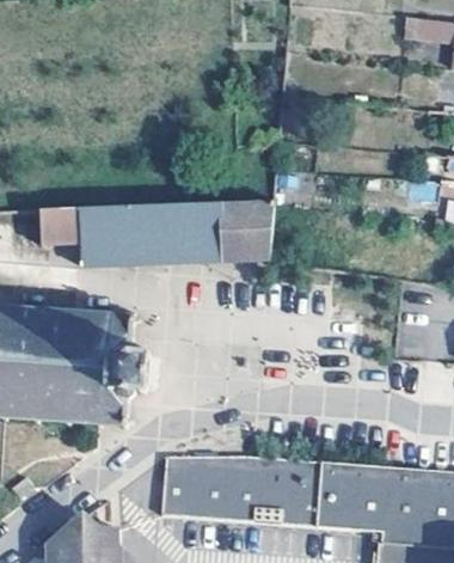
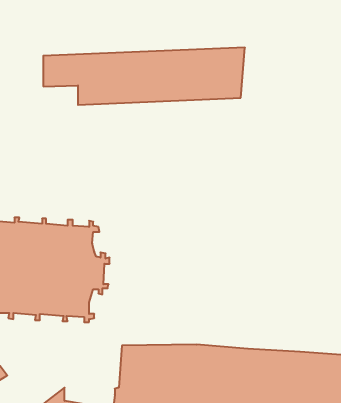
building: [39,200,275,267] -> [43,48,245,105]

